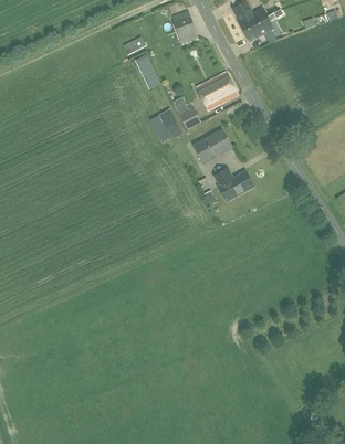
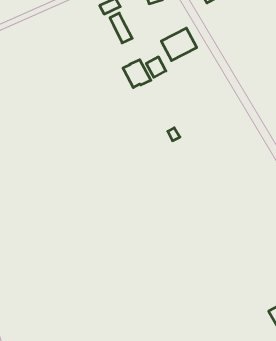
building: [192,128,232,163] -> none
building: [215,168,254,201] -> none

